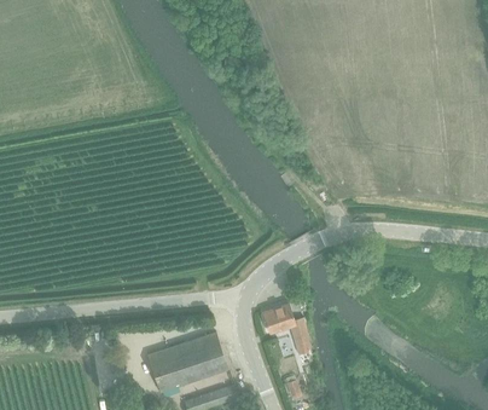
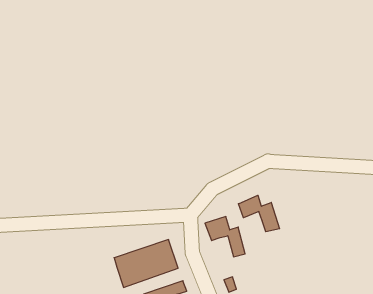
building: none -> [238,195,280,232]

